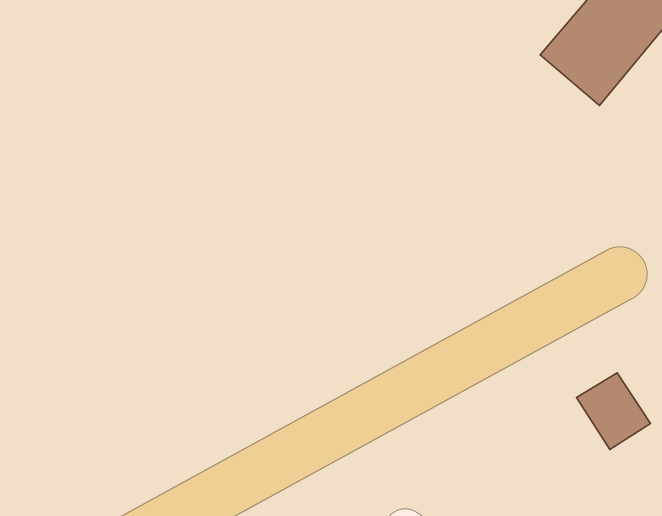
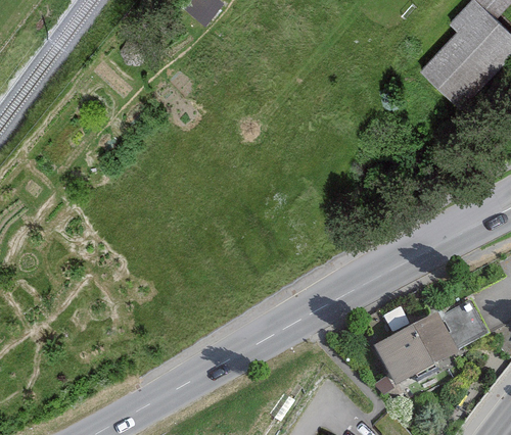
building: none -> [372,315,455,387]

